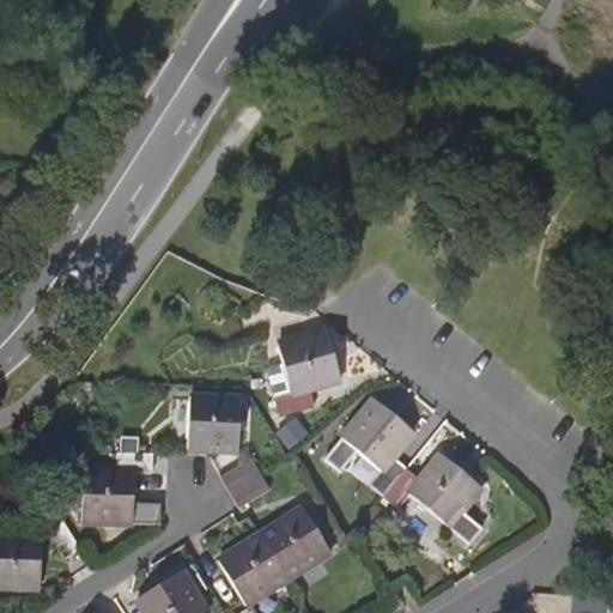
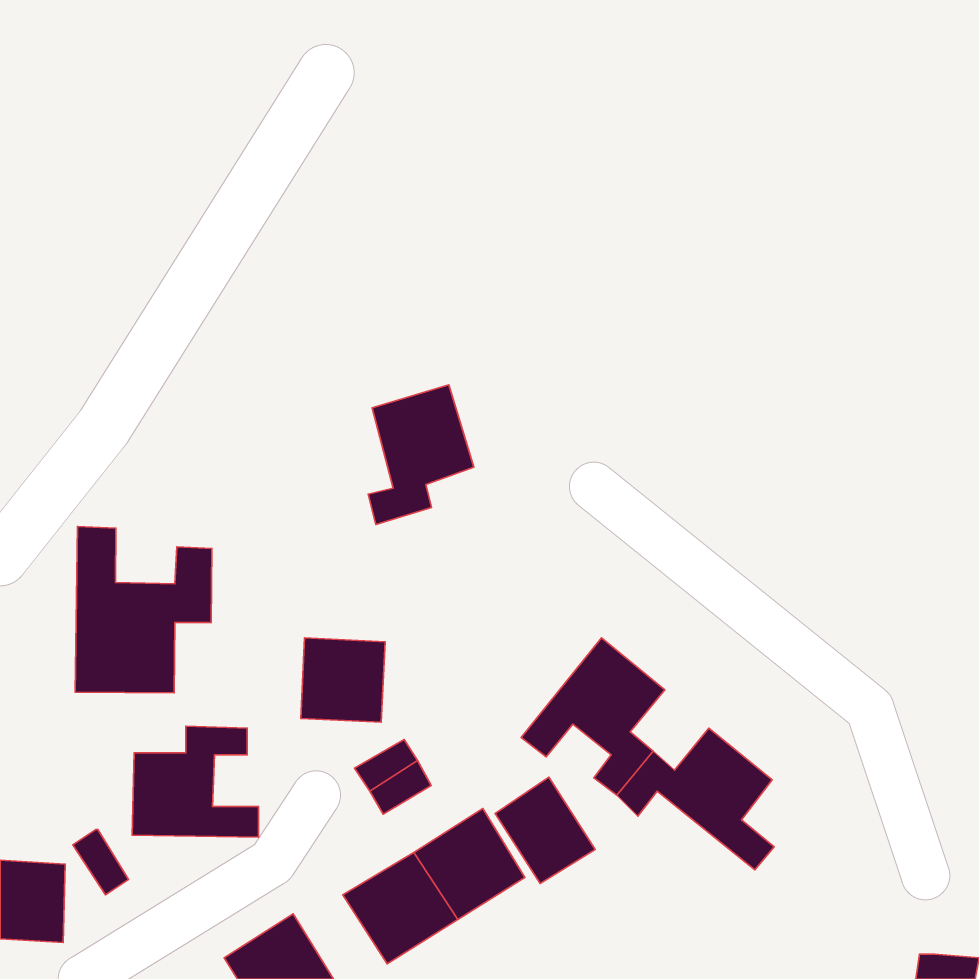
building: [278,327,344,414] -> [368,385,474,525]
building: none -> [75,527,212,693]
building: none -> [495,777,595,883]

